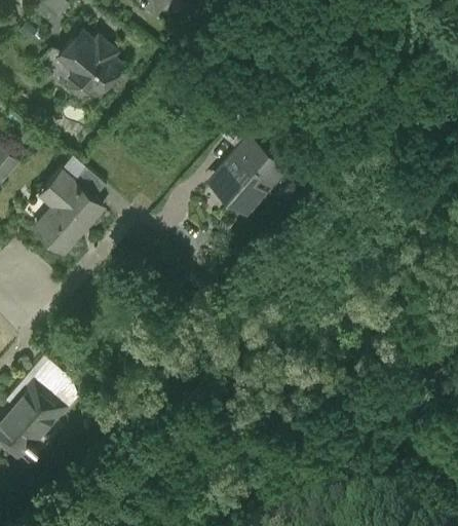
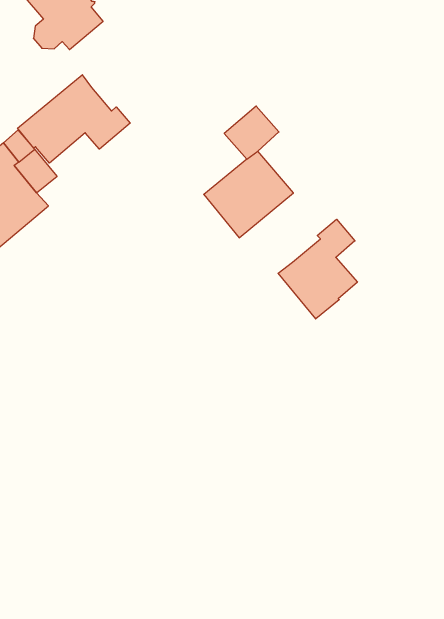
building: none -> [18,75,130,163]
building: none -> [278,219,357,319]

